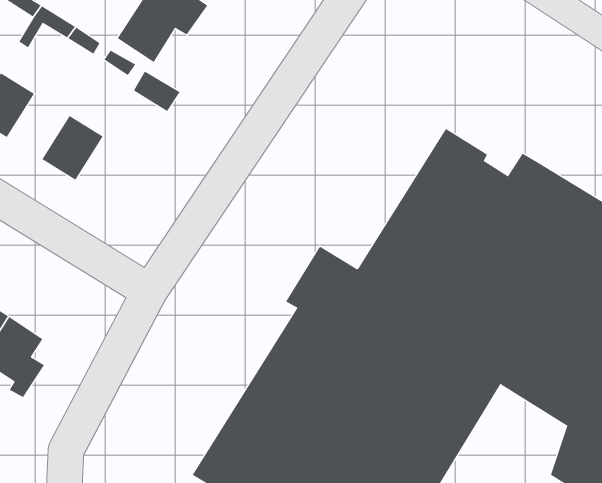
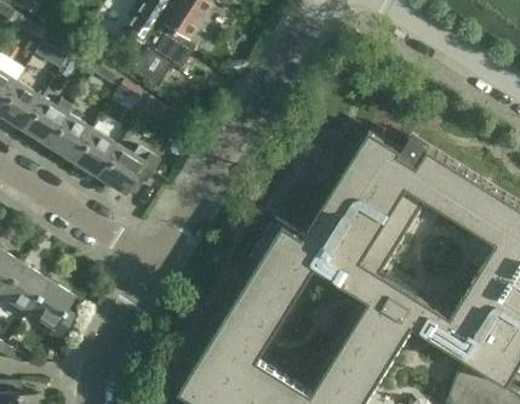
building: none -> [44,112,90,160]
building: none -> [95,143,156,193]

